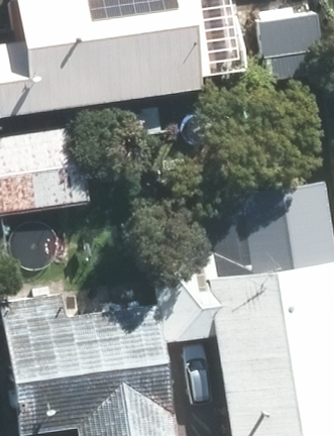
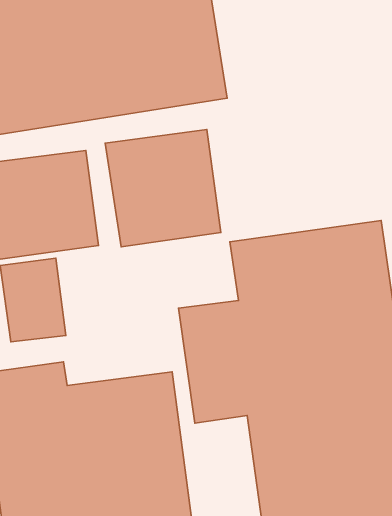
building: none -> [105,130,221,247]

